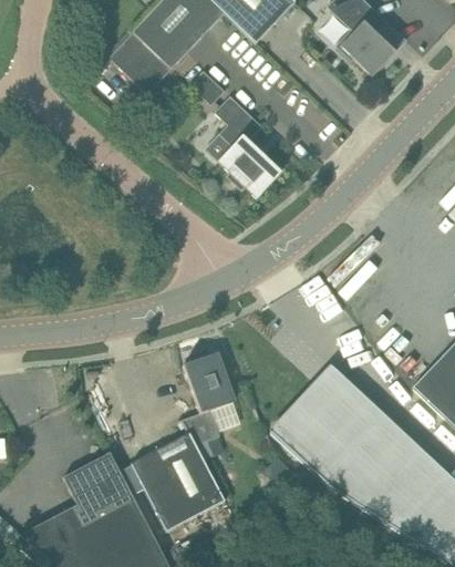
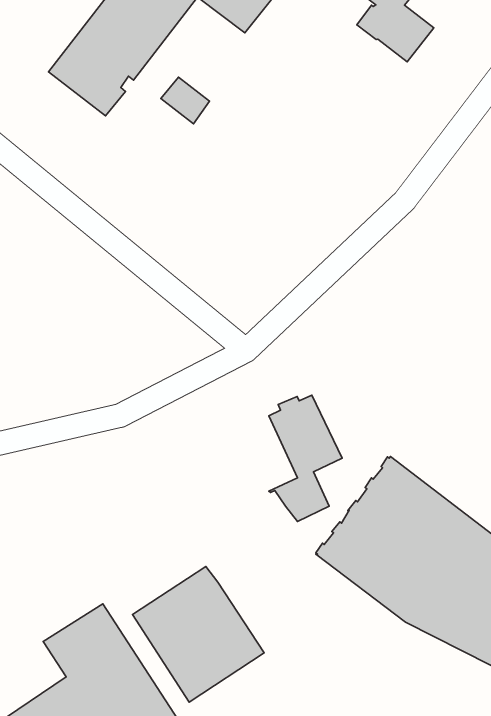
building: [215,95,281,197] -> none
building: [177,352,234,444] -> [269,395,342,521]

